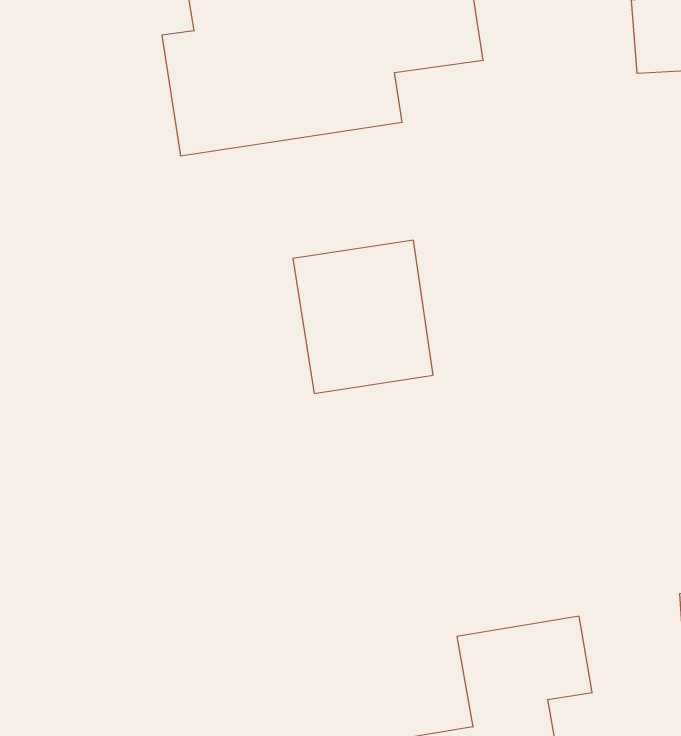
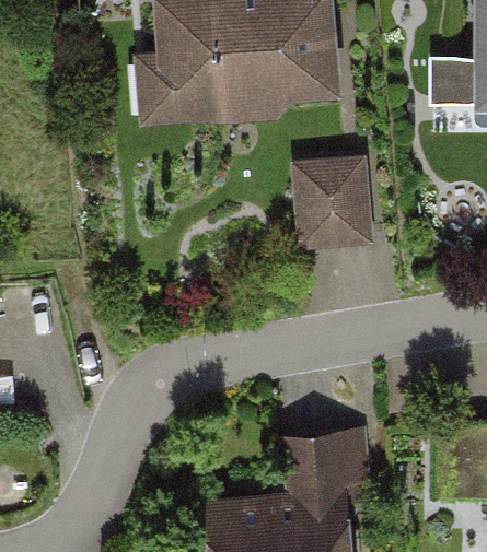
building: [293,240,433,393] -> [295,155,375,244]

